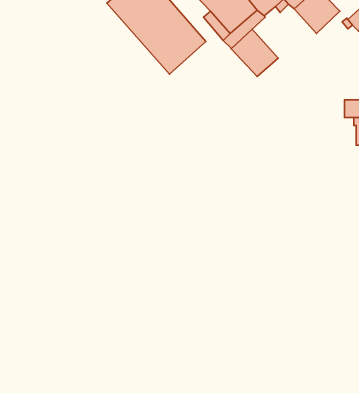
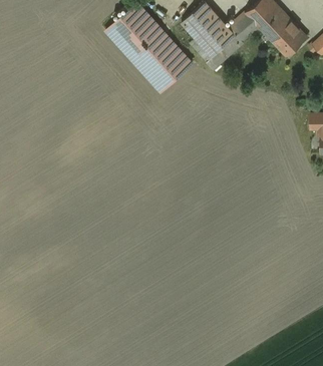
building: [231,29,278,76] -> none

